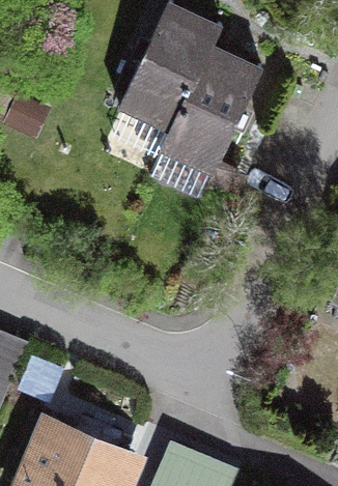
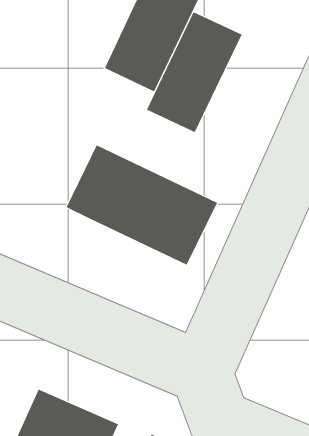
building: none -> [66,145,218,265]

